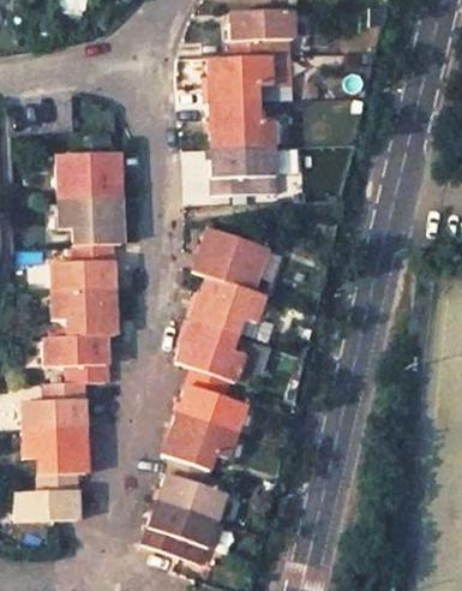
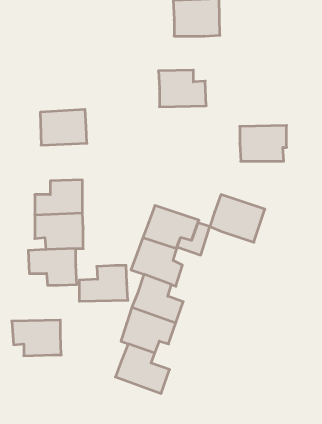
building: [211,54,274,100] -> none
building: [215,145,276,192] -> [240,125,287,161]
building: [60,195,121,244] -> none
building: [194,228,266,291] -> [210,195,265,242]
building: [22,381,85,428] -> [79,265,128,301]
building: [16,472,77,523] -> none
building: [142,501,217,557] -> none

